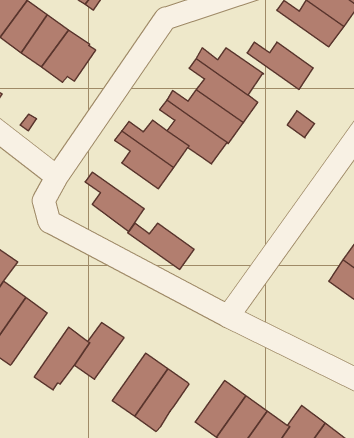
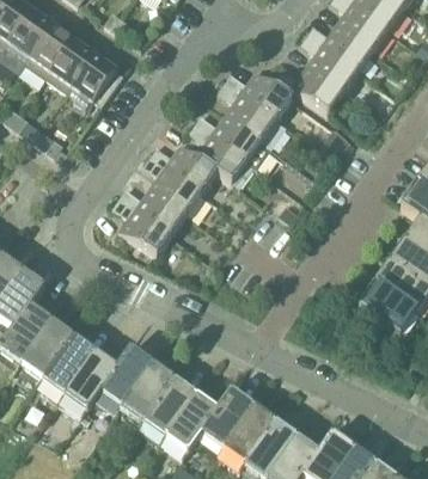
building: none -> [300,32,360,91]
building: [128,223,194,269] -> [121,186,188,233]
building: none -> [39,338,97,404]
building: none -> [120,363,175,426]
building: none -> [203,389,255,448]

